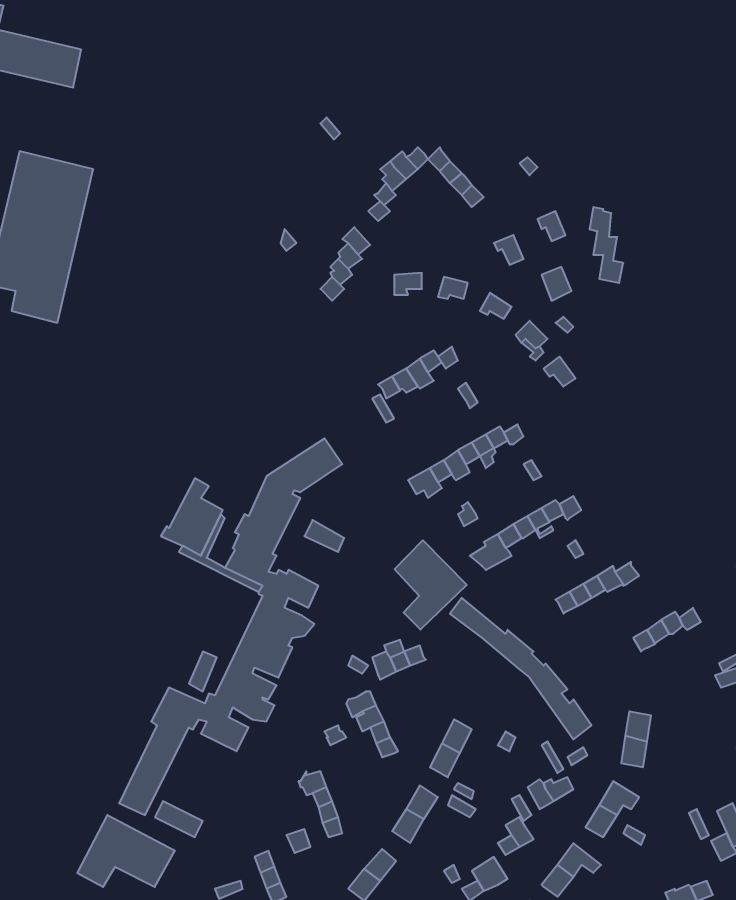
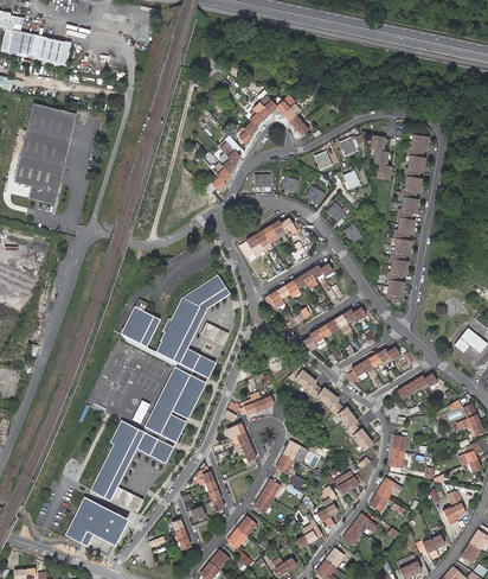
building: none -> [390,129,426,298]
building: [395,540,467,630] -> none

